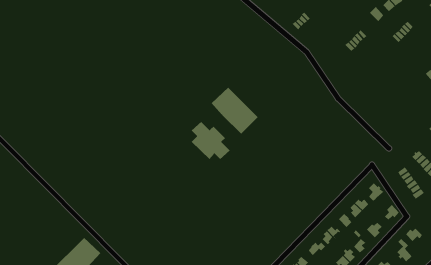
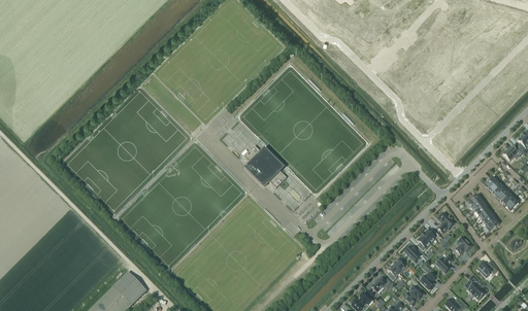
building: [211,87,258,134] -> none

